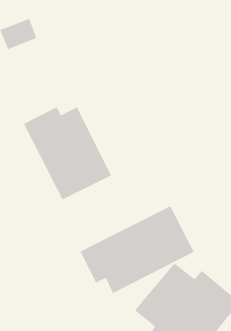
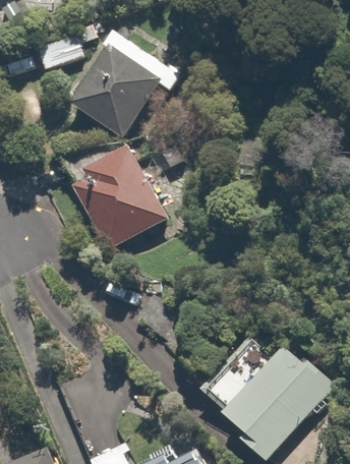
building: none -> [67,38,167,143]
building: [80,206,194,294] -> none

